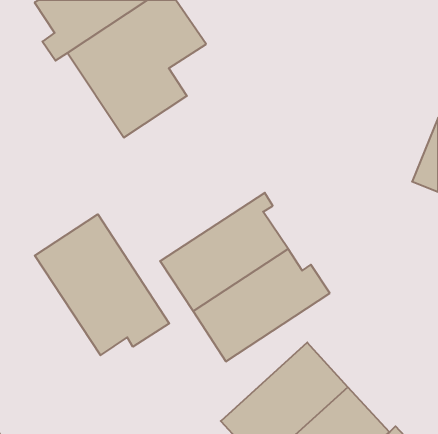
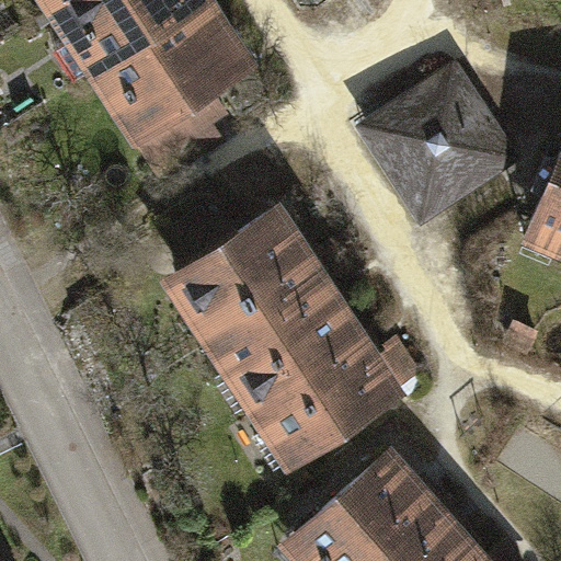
building: none -> [352,66,519,231]
building: none -> [161,199,335,341]
building: [35,214,169,355] -> none

